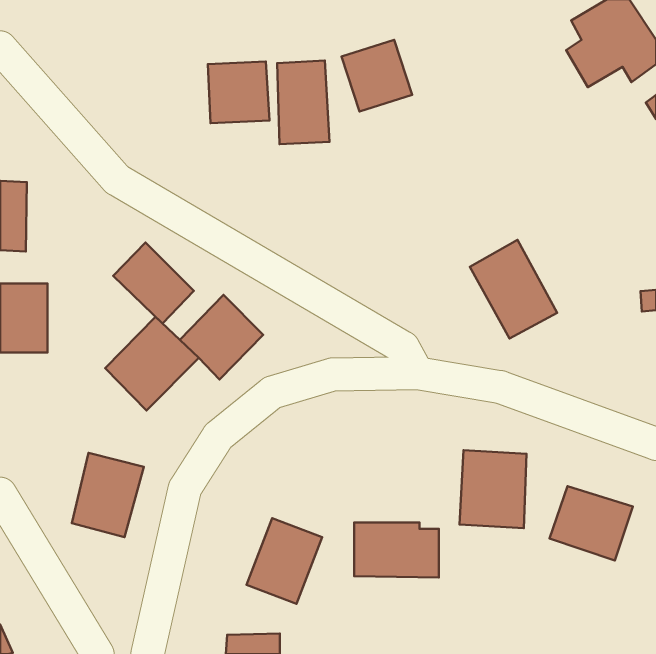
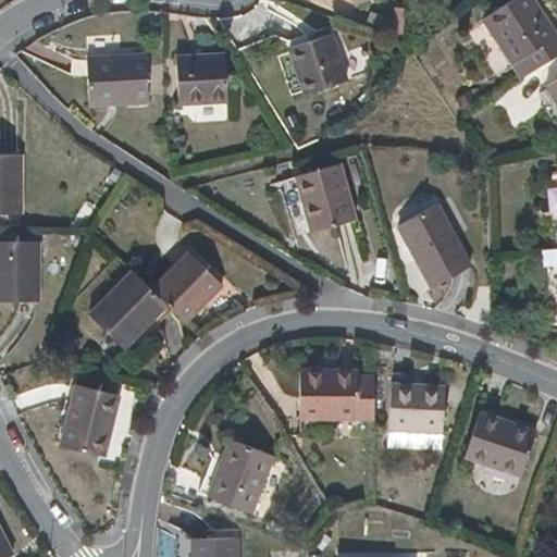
building: [277,61,329,144] -> none
building: none -> [88,57,149,102]
building: none -> [297,163,358,231]
building: [113,243,194,323] -> none
building: [354,522,439,578] -> [302,371,374,418]

